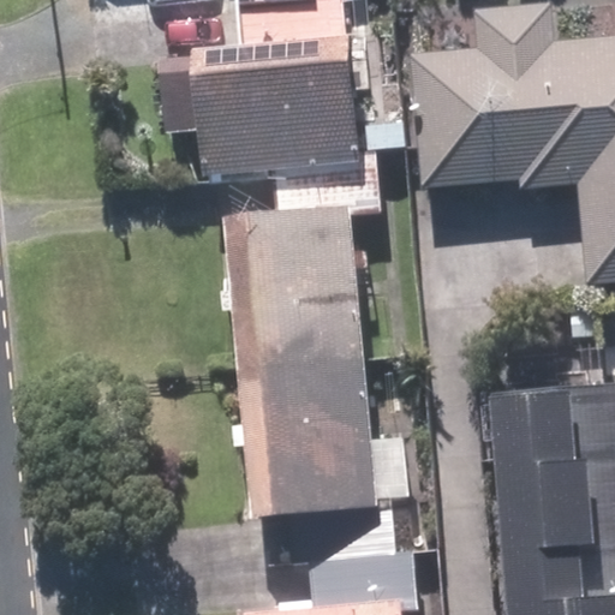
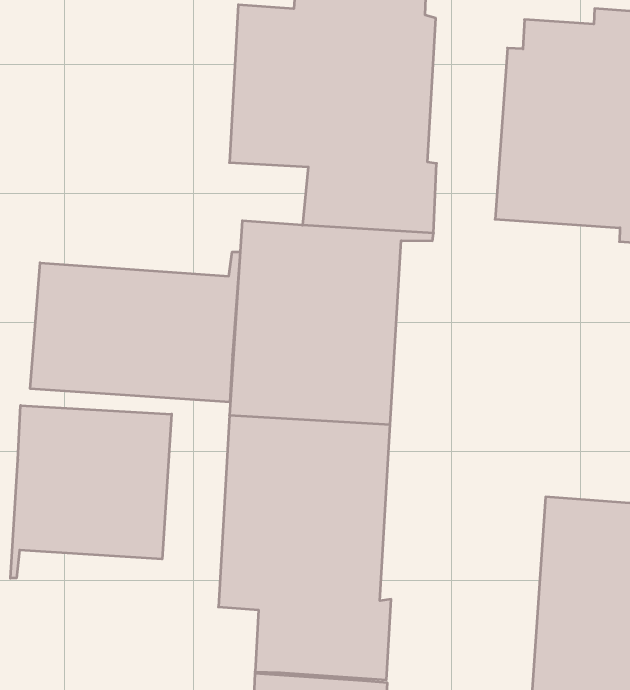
building: none -> [30,252,240,402]
building: none -> [10,405,172,578]

